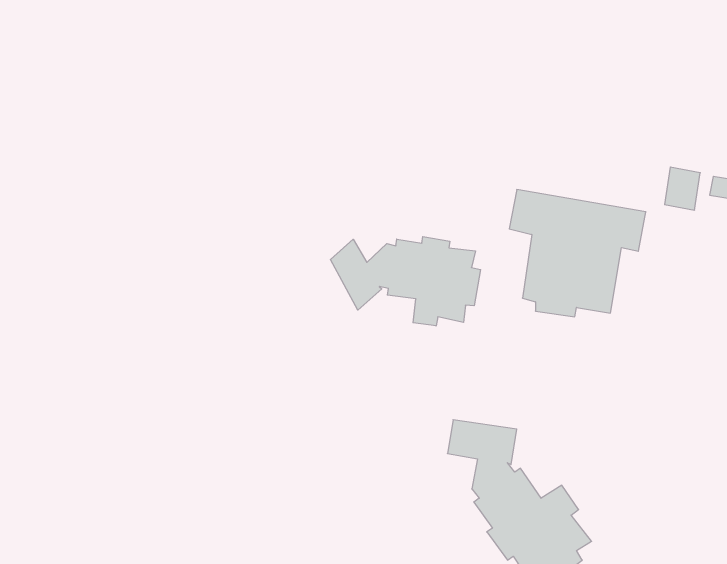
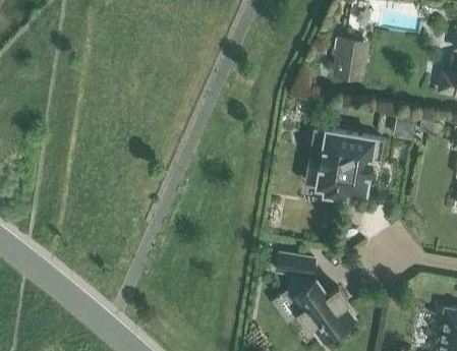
building: none -> [333,40,365,79]
building: [330,237,481,326] -> none

